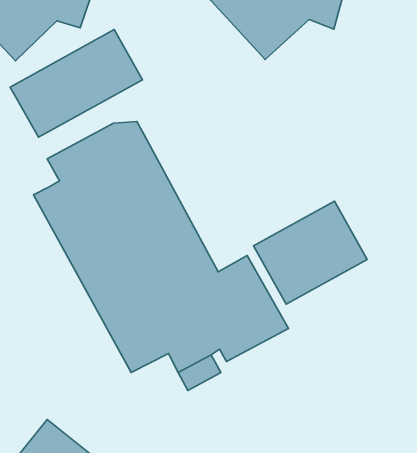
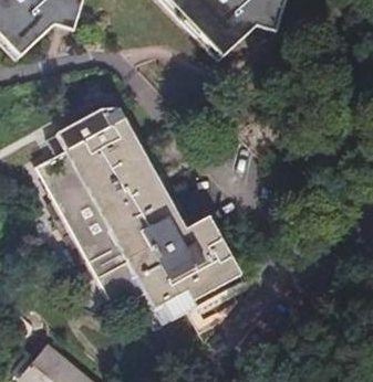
building: [10,30,143,137] -> none
building: [253,201,367,304] -> none

